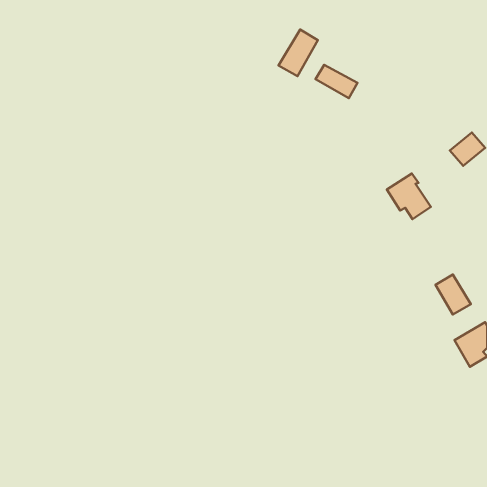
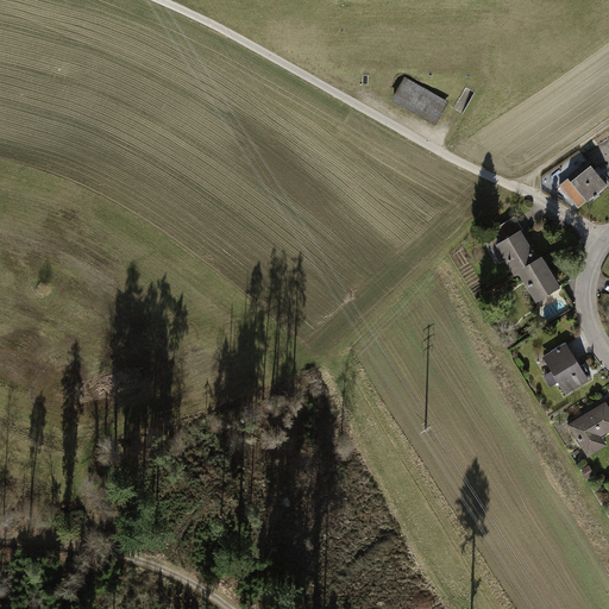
building: [279,29,318,76] -> none
building: none -> [519,255,559,301]

